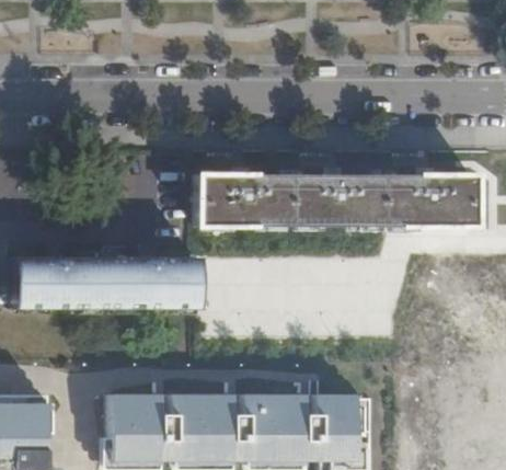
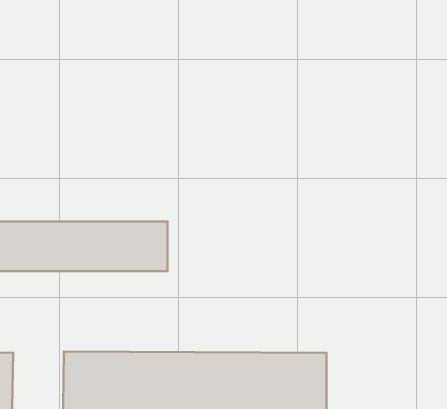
building: [189,165,469,214] -> none

